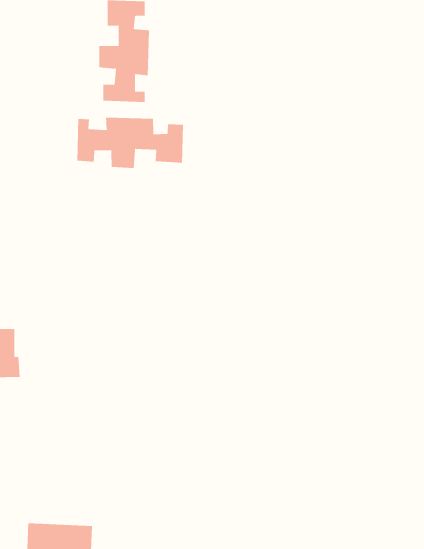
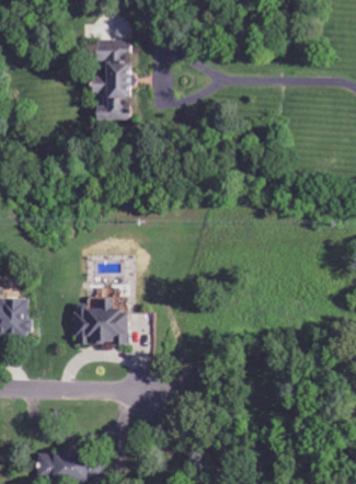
building: [77,117,184,169] -> none
building: none -> [74,299,130,344]

